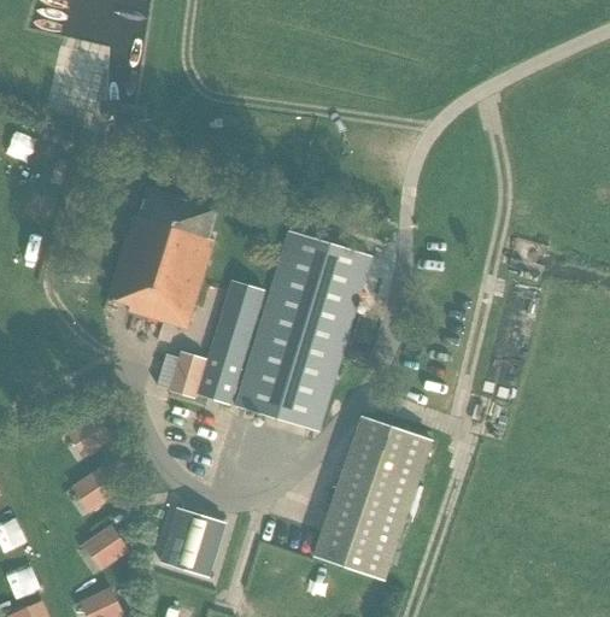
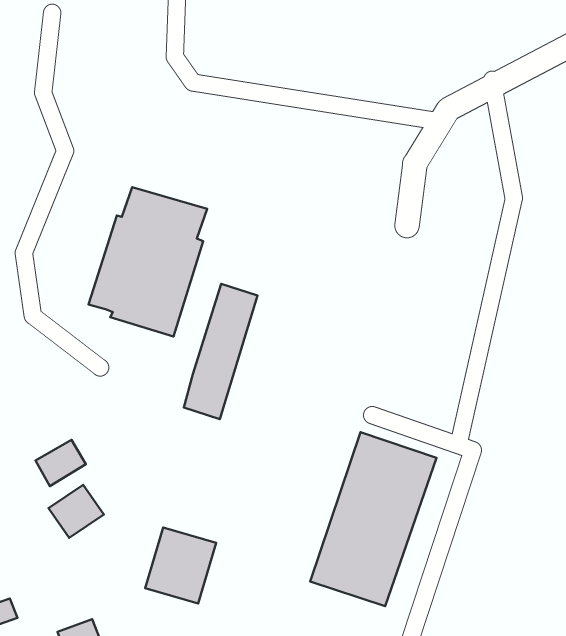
building: [235,229,373,429] -> none
building: [166,354,205,402] -> none
building: [80,529,127,575] -> none

